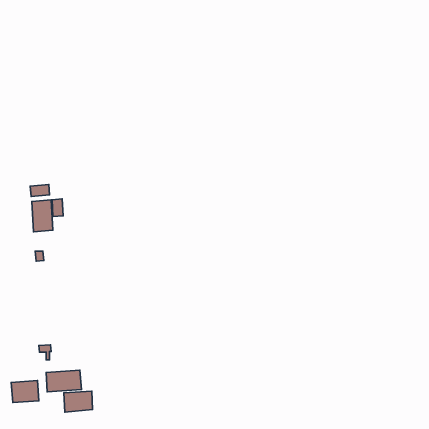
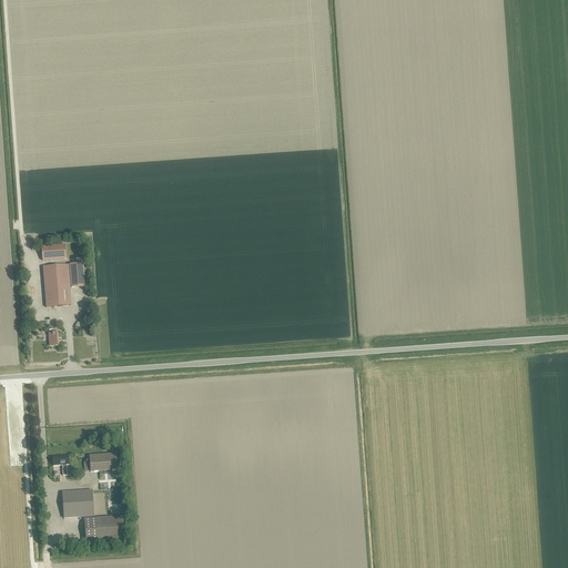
building: none -> [88,452,116,470]
building: [11,380,39,403] -> none

